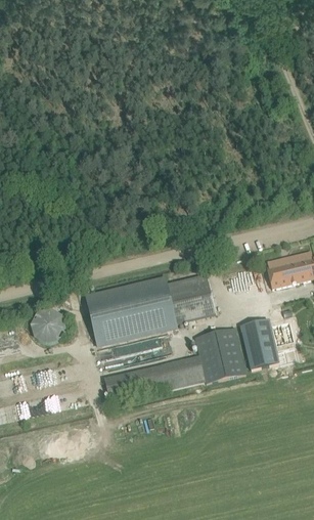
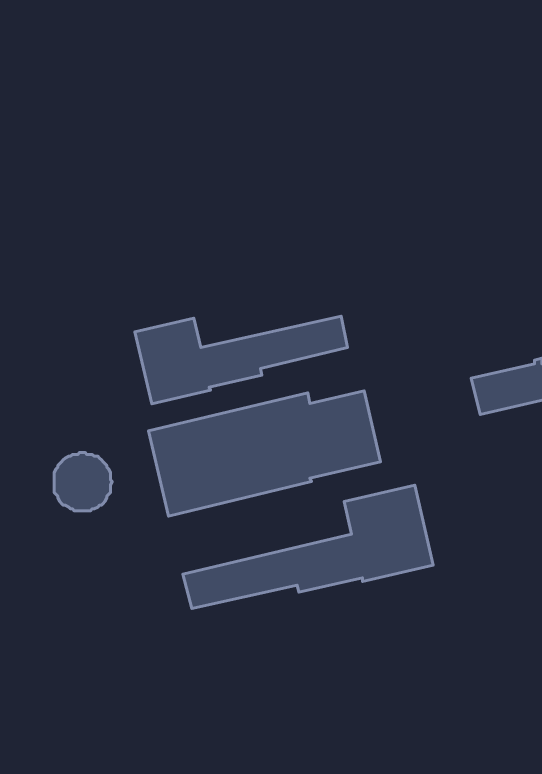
building: none -> [135,316,348,404]
building: [241,321,278,367] -> none

